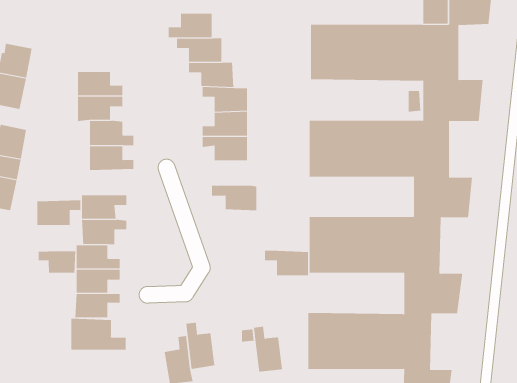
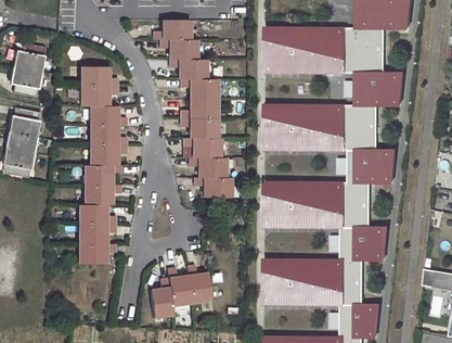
building: none -> [182,137,218,156]
building: [36,200,81,226] -> [89,143,125,164]
building: [264,250,309,276] -> [193,176,229,196]
building: [38,251,76,274] -> none
building: [71,318,126,350] -> none
building: [253,326,283,372] -> [185,264,209,301]

